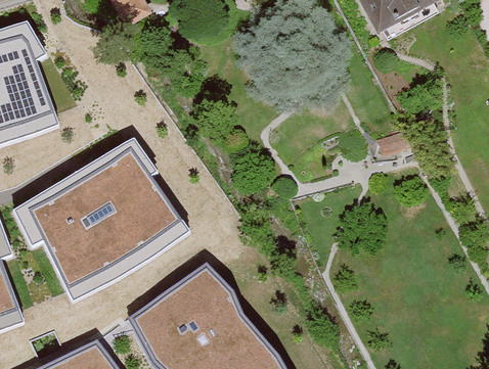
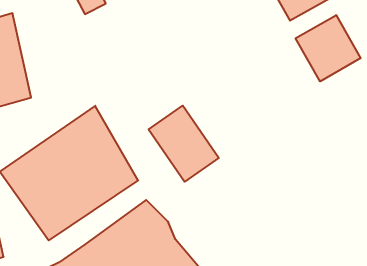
building: none -> [296,15,361,81]
building: none -> [149,106,219,182]

